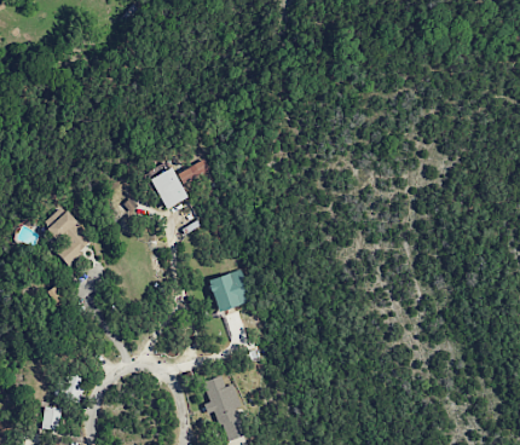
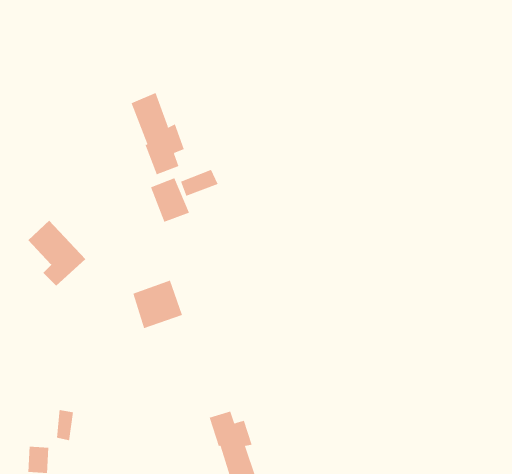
building: none -> [131,92,184,175]
building: [208,268,253,312] -> [132,280,183,329]

